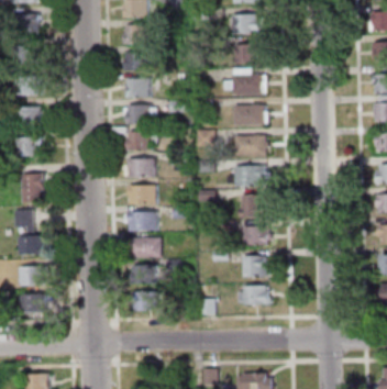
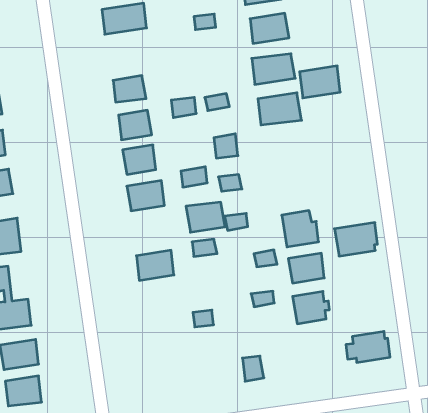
building: [125,51,148,71] -> none
building: [236,135,265,156] -> [300,66,340,98]
building: [234,165,265,187] -> [334,223,377,256]
building: [129,185,156,204] -> [186,202,225,232]
building: [126,237,161,258] -> none
building: [132,265,155,284] -> none
building: [236,285,268,305] -> [346,331,390,362]
building: [132,291,155,311] -> none

